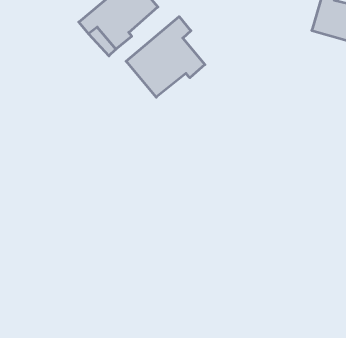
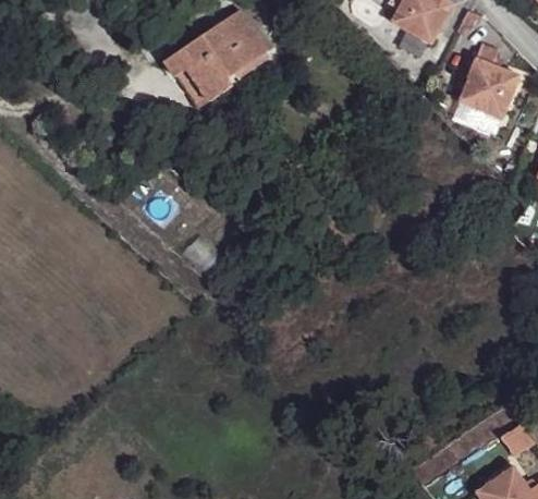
building: [126,17,205,97] -> none

